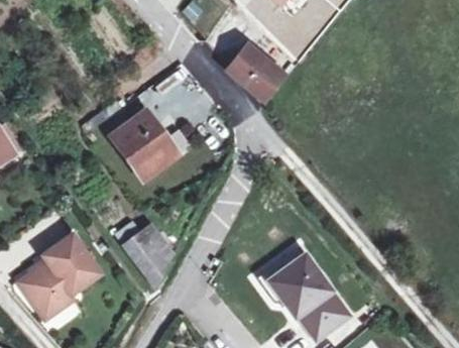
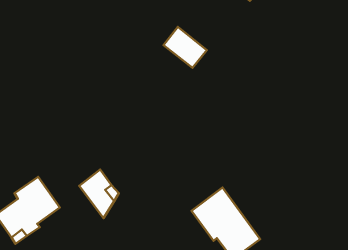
building: [109,110,177,180] -> none

